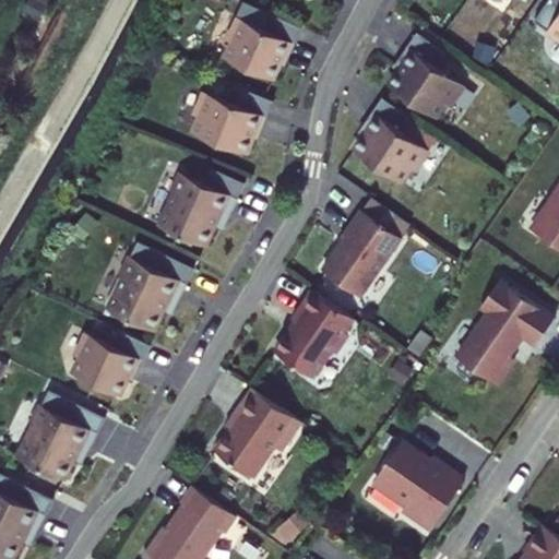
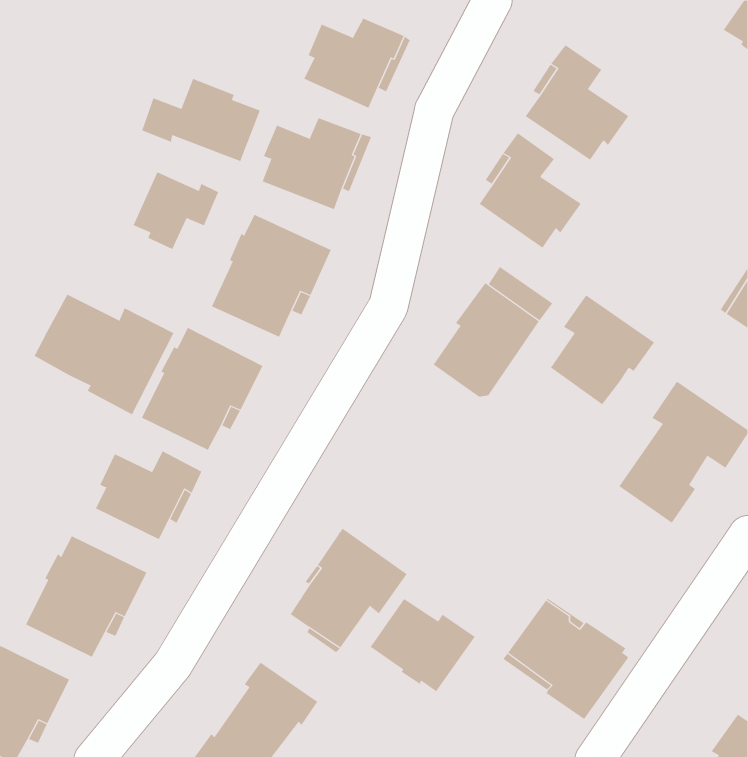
building: none -> [142,78,261,162]
building: none -> [133,172,219,250]
building: none -> [34,294,174,415]
building: none -> [550,295,655,405]
building: [273,292,352,379] -> none
building: none -> [370,598,475,692]

